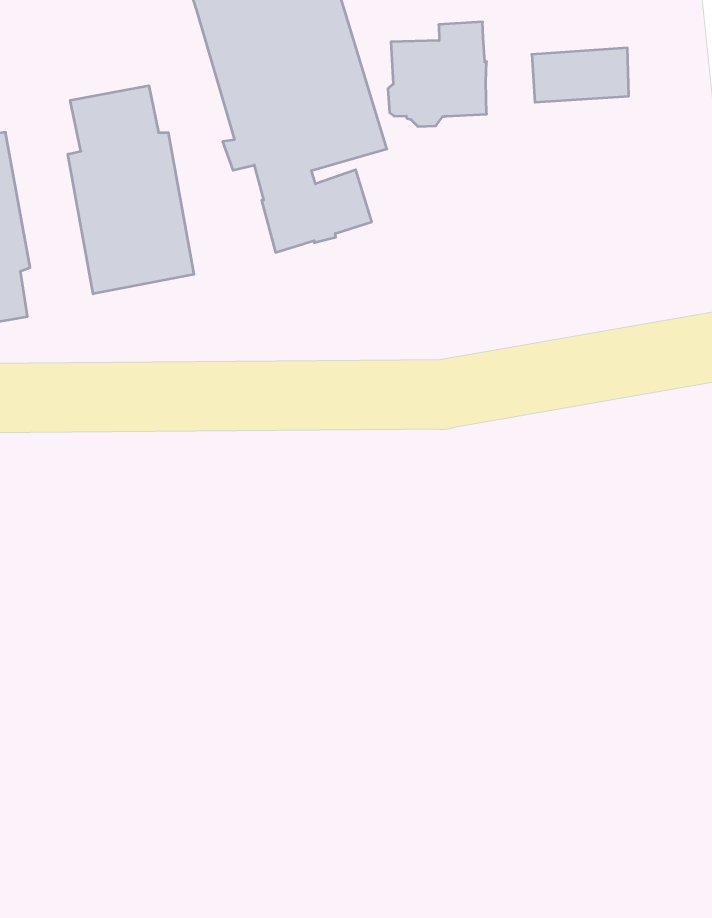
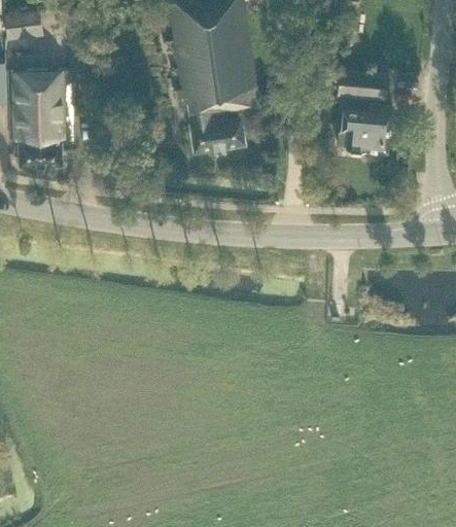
building: [388,22,487,126] -> [338,104,392,155]
building: [68,86,194,294] -> none

